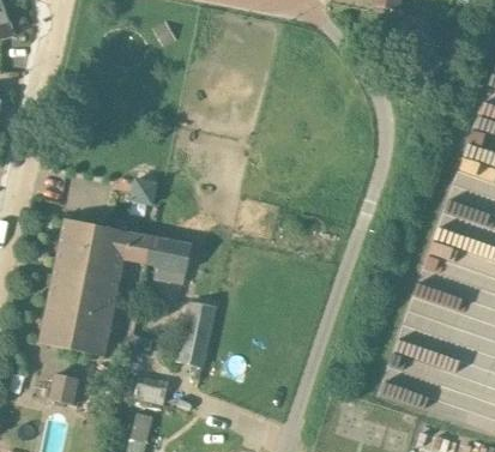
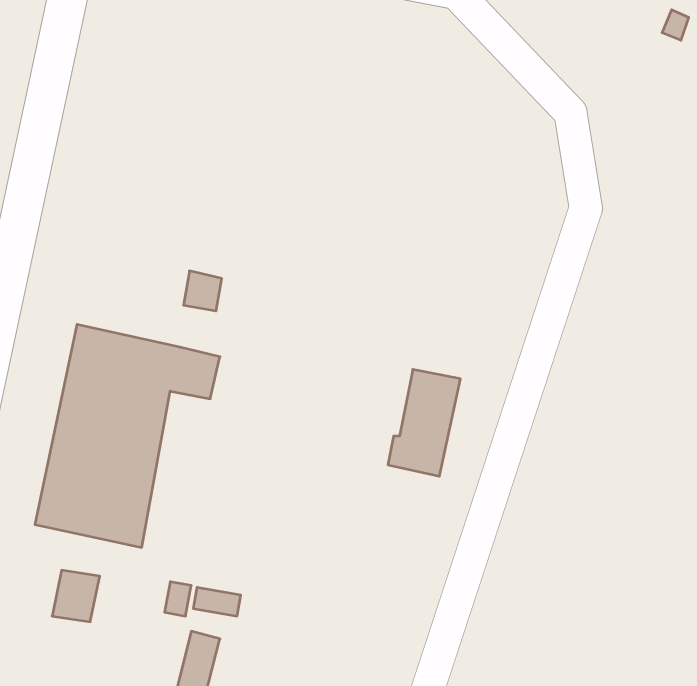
building: [149,236,192,284] -> none
building: [171,299,217,366] -> [388,369,460,476]

